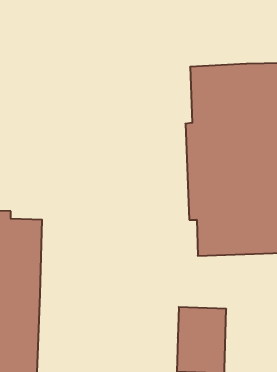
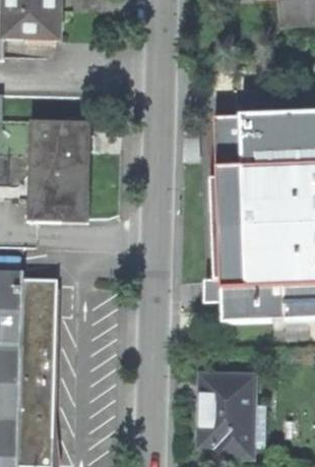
building: none -> [29,119,92,225]

